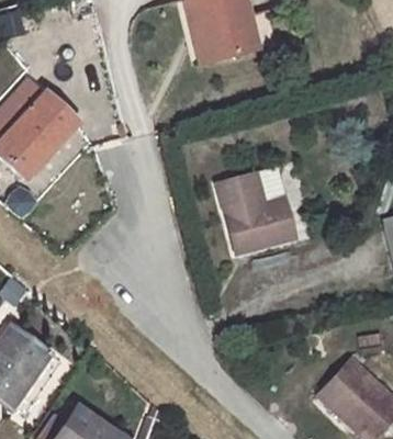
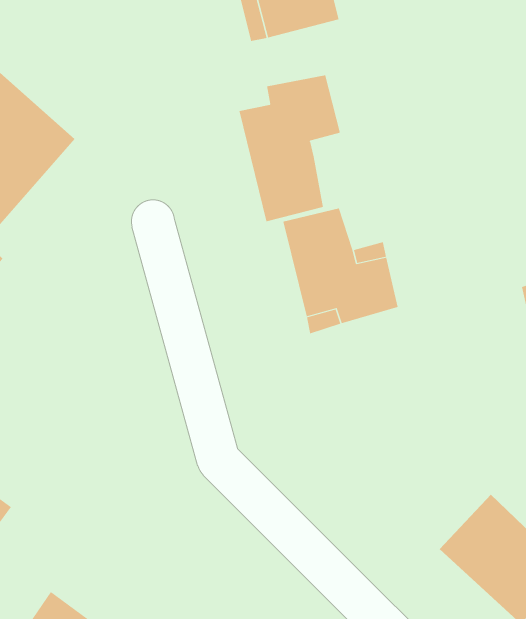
building: none -> [239,75,341,222]

